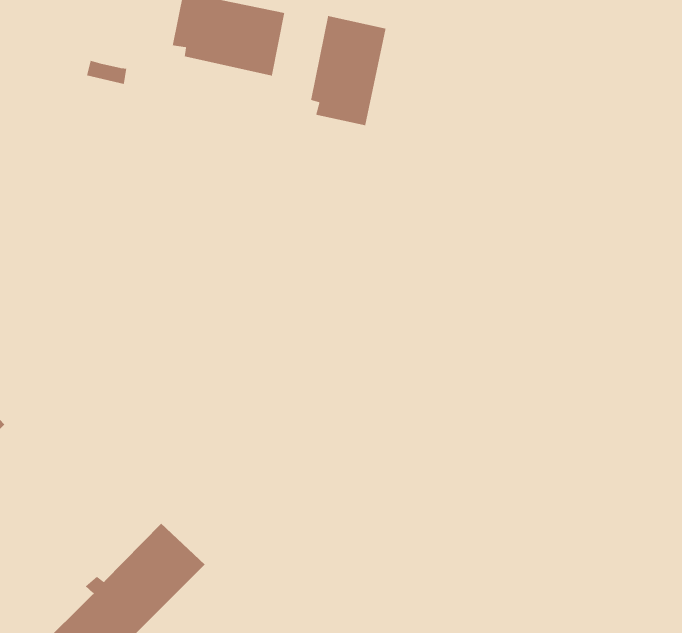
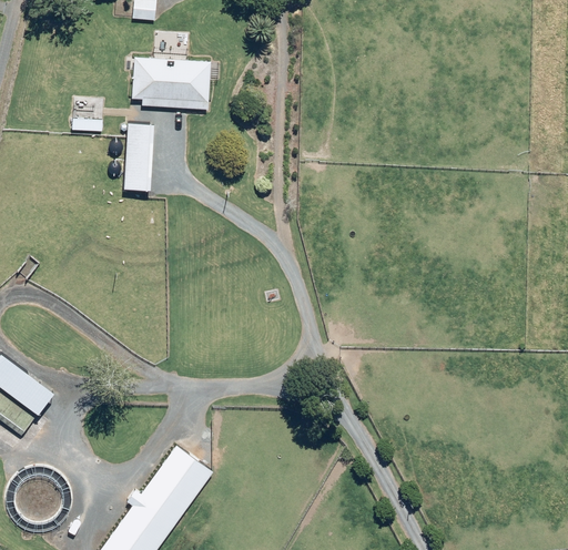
building: [310,15,386,126] -> none
building: none -> [123,123,153,190]

